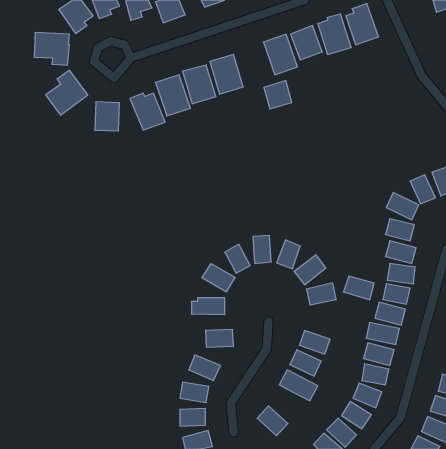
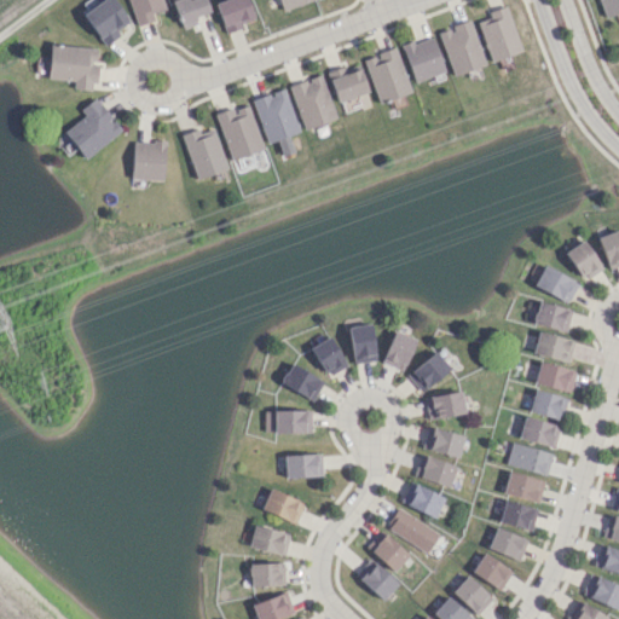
building: [264,81,292,109] -> [331,63,370,102]
building: [343,276,374,300] -> [423,426,465,458]
building: none -> [369,531,411,572]

